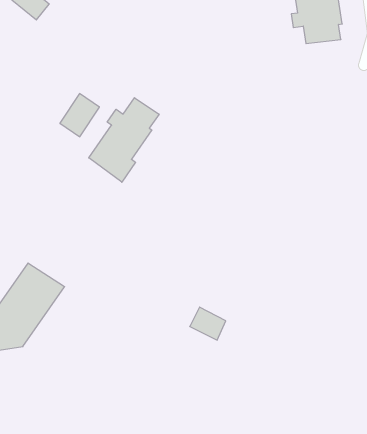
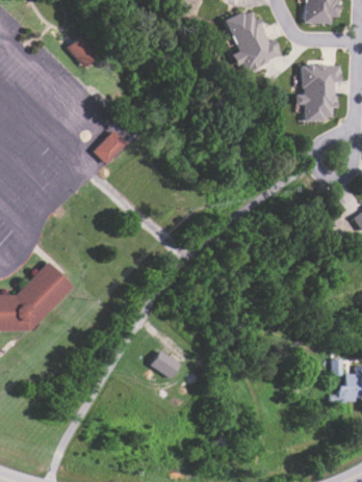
building: [89,98,159,182] -> none
building: [190,307,226,340] -> [150,349,180,378]

